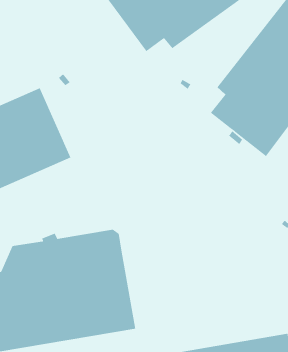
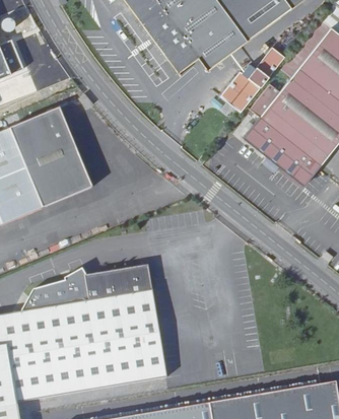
building: none -> [225,49,289,114]

